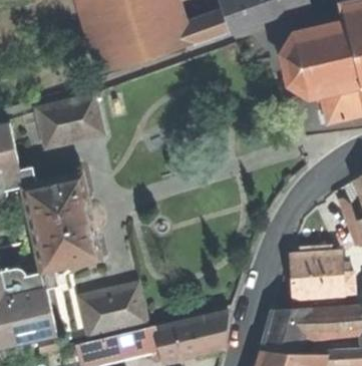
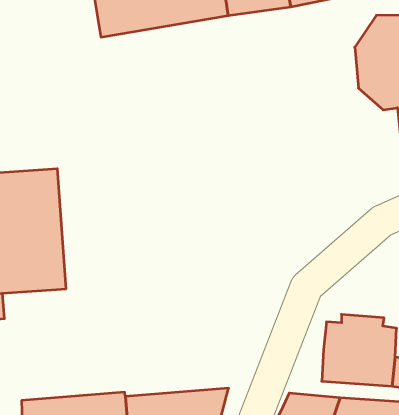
building: [37,96,101,147] -> none
building: [80,285,145,336] -> none

